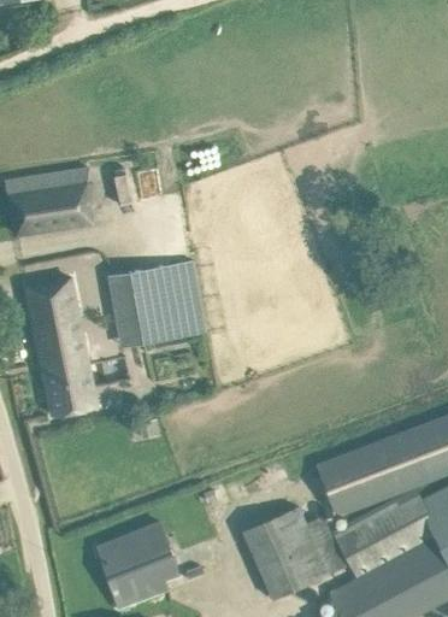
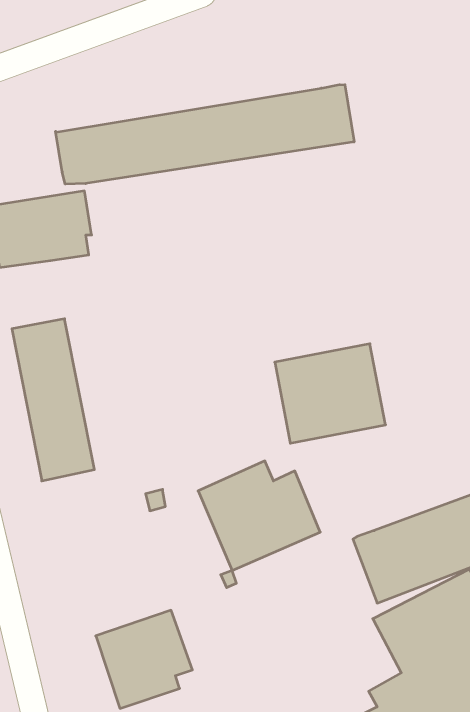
building: none -> [56,85,354,184]
building: [113,263,207,347] -> [275,344,386,443]
building: [242,507,346,600] -> [198,461,320,570]

